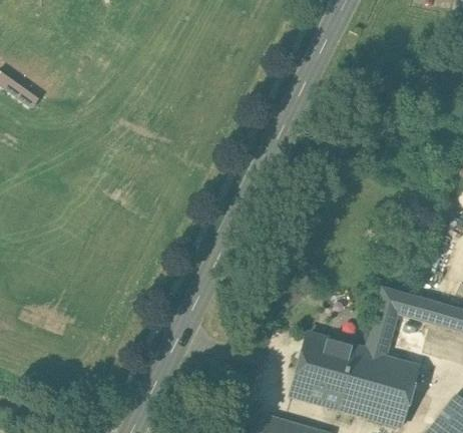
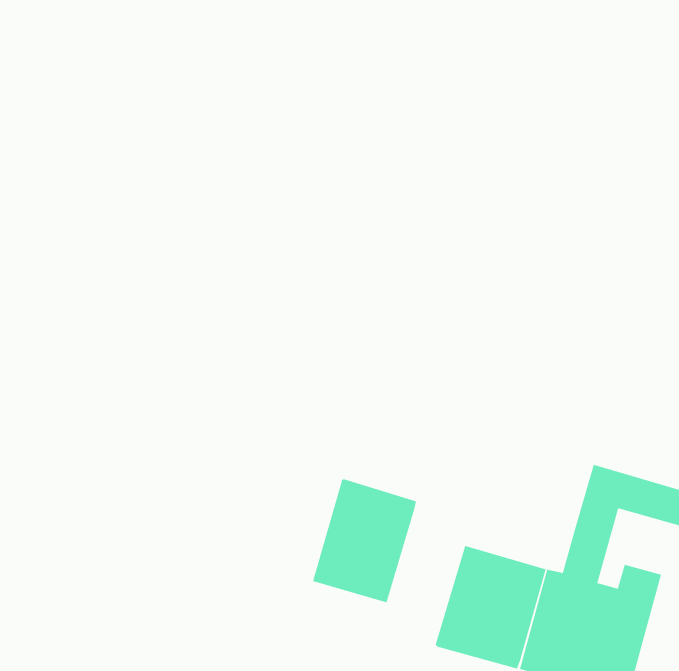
building: none -> [312,479,416,603]

